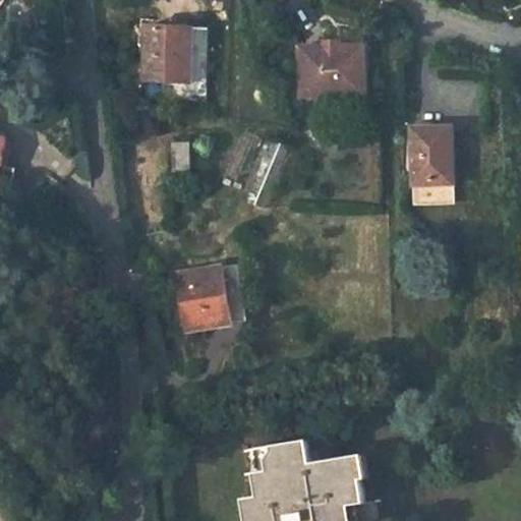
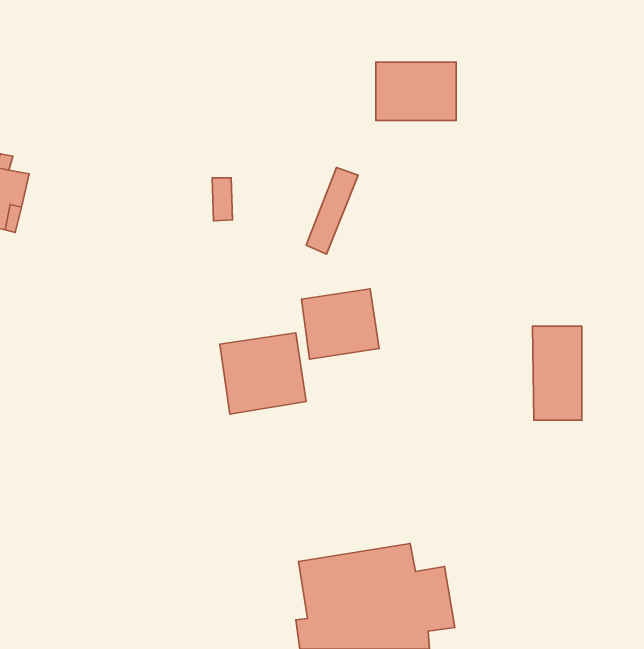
building: [140,24,204,82] -> none
building: [412,140,452,216] -> [532,326,582,420]
building: none -> [302,289,379,359]

